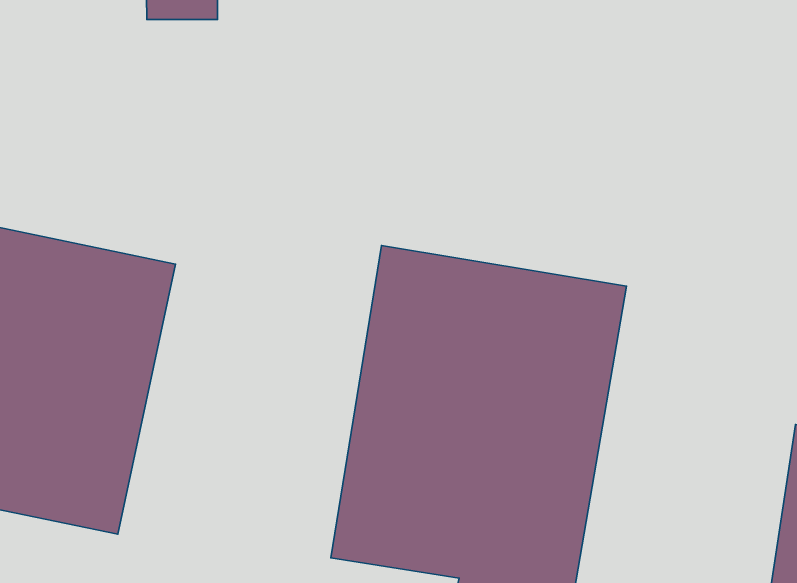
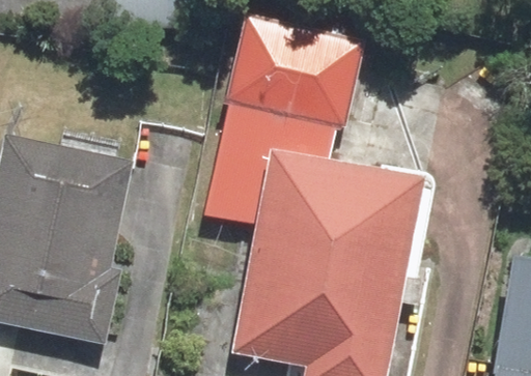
building: none -> [232,30,358,120]

